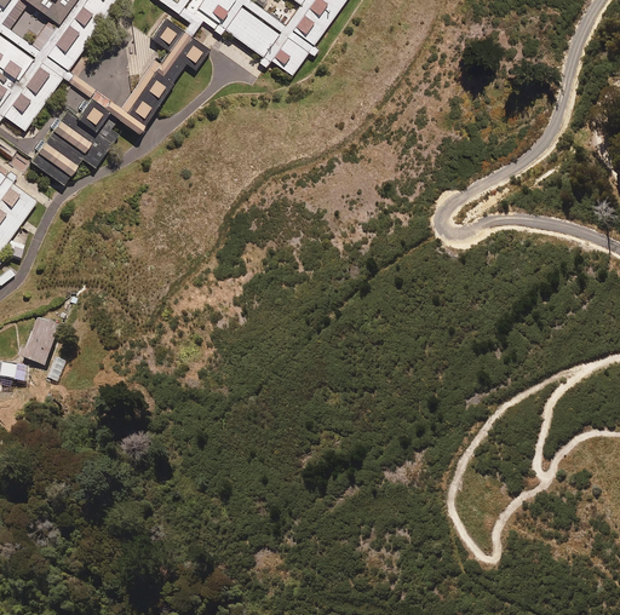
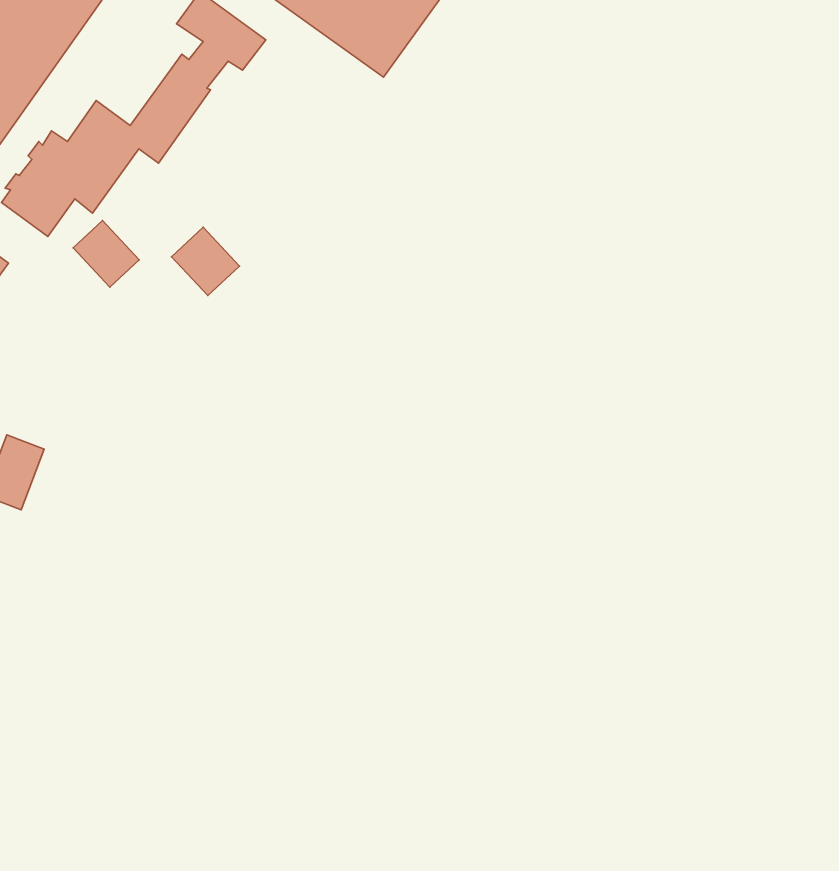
building: none -> [73,221,139,287]
building: none -> [172,227,239,295]

